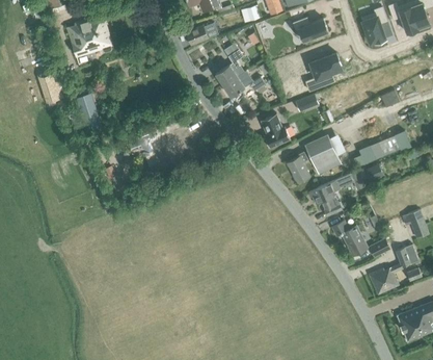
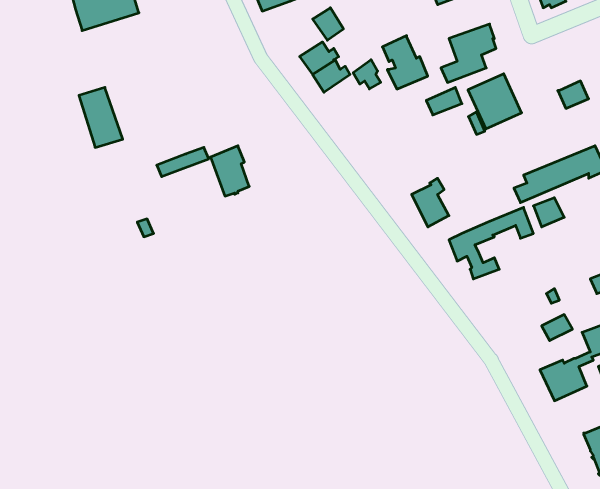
building: [37,72,67,104] -> none
building: [261,113,290,148] -> [382,36,428,89]
building: [307,139,342,175] -> [468,74,522,129]
building: [332,221,368,256] -> none

